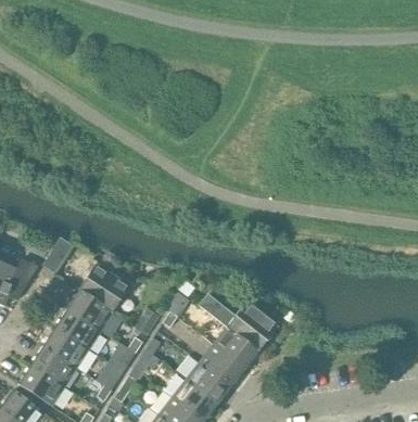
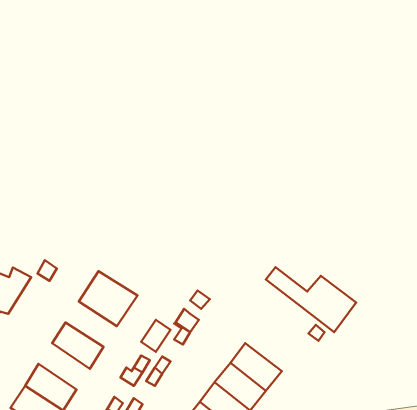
building: [66,290,112,330] -> none
building: [198,294,278,351] -> [266,267,356,332]
building: [42,327,88,368] -> none

